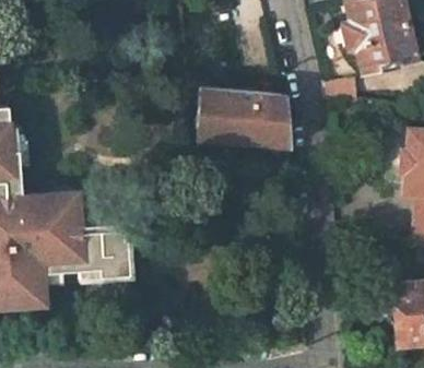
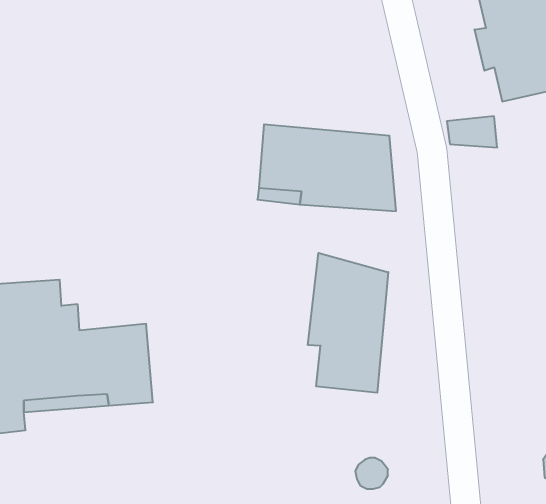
building: none -> [308,253,388,393]

